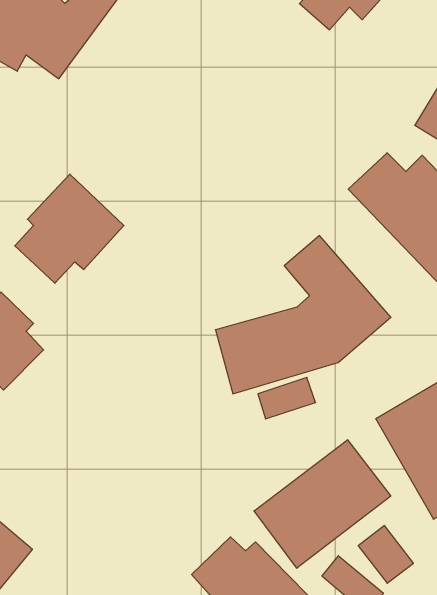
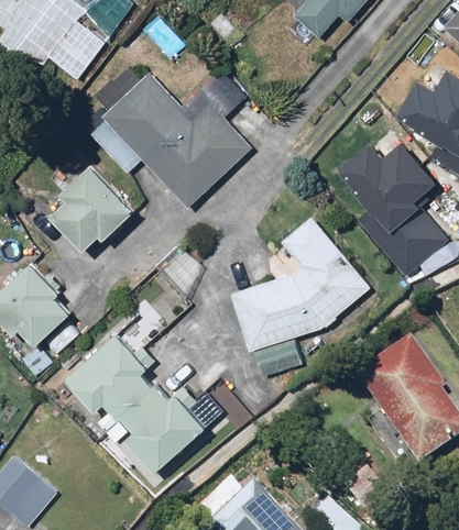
building: none -> [86,66,254,213]
building: none -> [62,334,201,474]
building: [254,440,391,568] -> none

